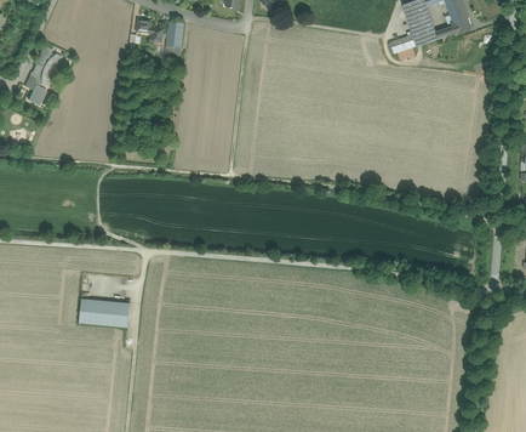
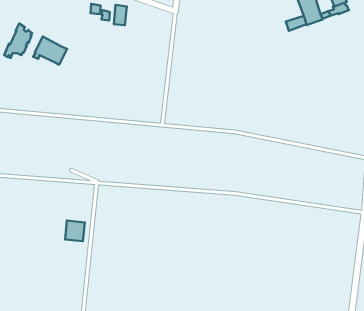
building: none -> [33,37,67,64]
building: [79,297,105,324] -> none

